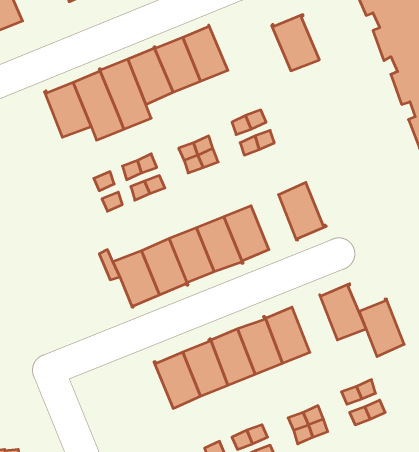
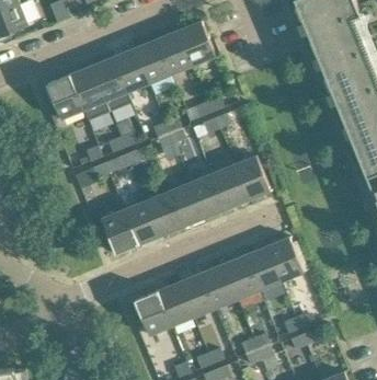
building: [272,15,319,71] -> [175,22,214,67]
building: none -> [209,166,245,210]
building: [359,299,404,357] -> [242,246,278,292]

